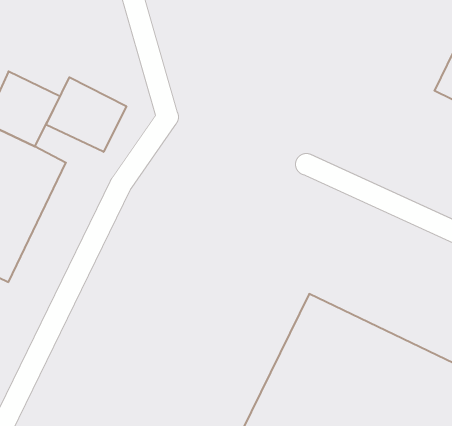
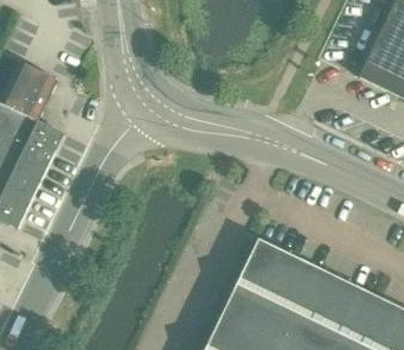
building: [46,77,126,152] -> none

